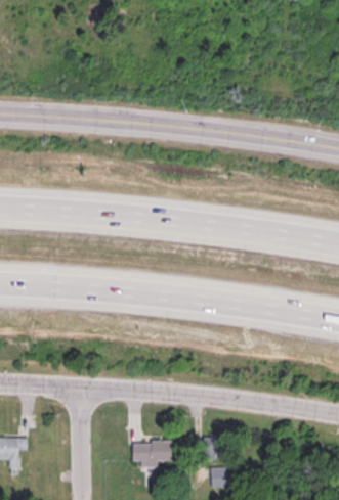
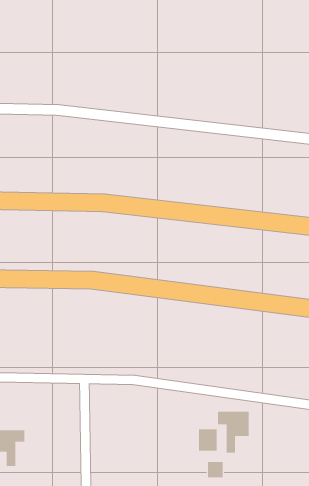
building: none -> [217,411,249,454]
building: [133,442,172,461] -> none

